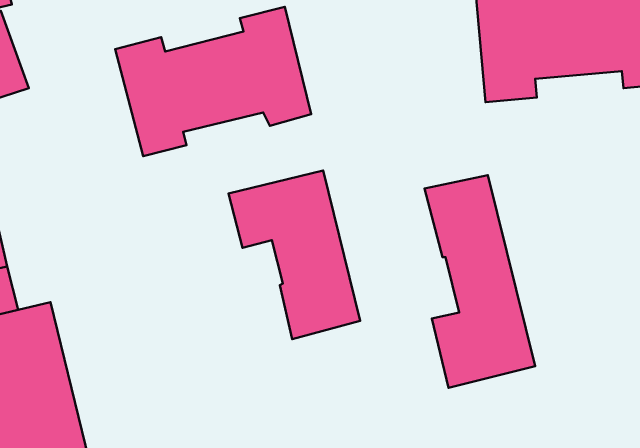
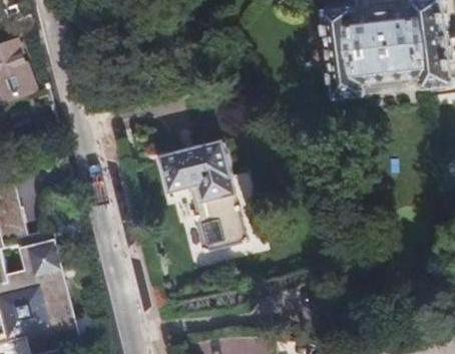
building: [115,7,311,156] -> none
building: [425,175,535,388] -> none

